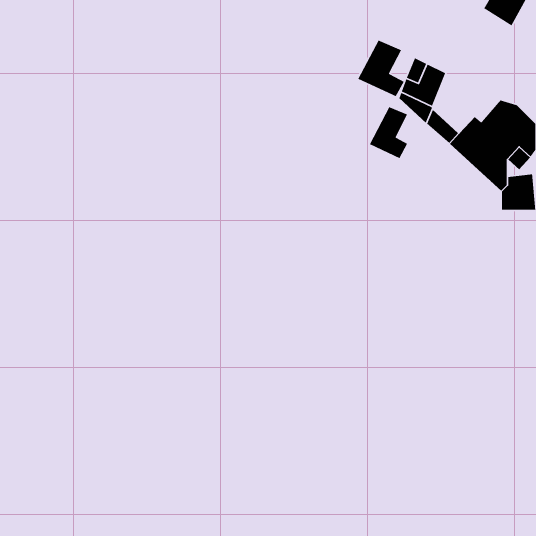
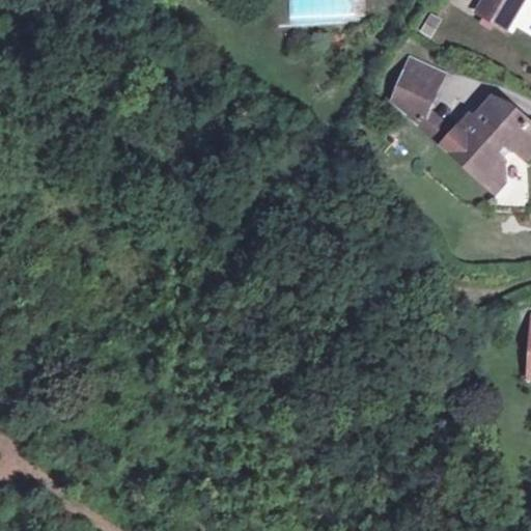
building: [357,40,405,97] -> none
building: [369,106,408,159] -> none

